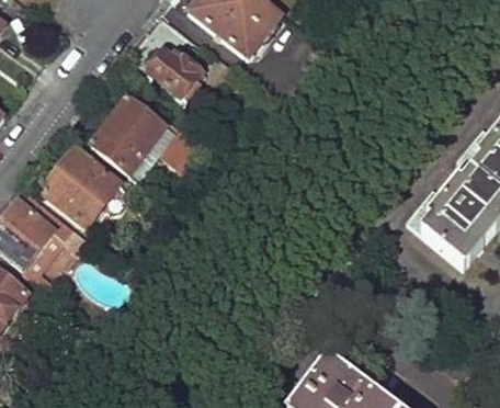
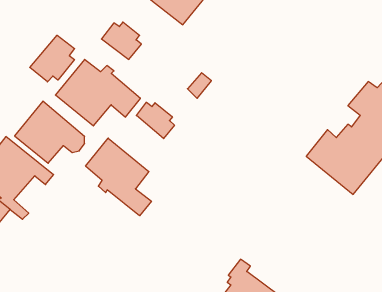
building: none -> [30,35,75,82]
building: none -> [136,102,174,139]
building: none -> [86,138,151,216]

